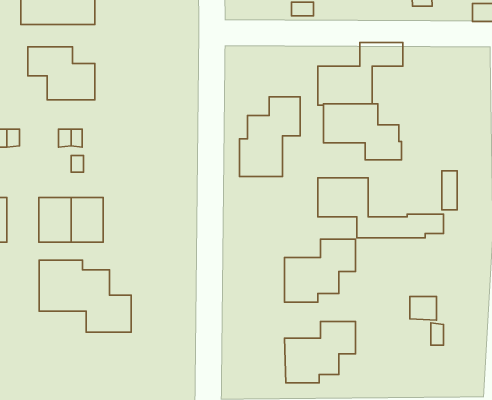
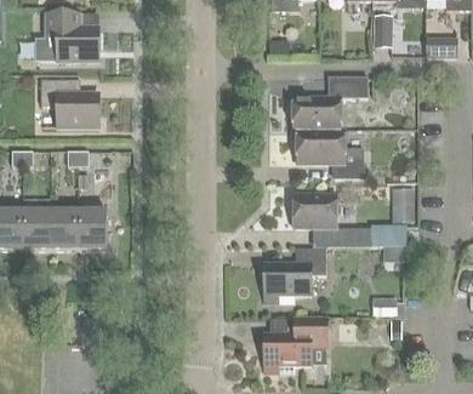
building: [239,97,300,176] -> none
building: none -> [22,210,50,249]
building: [39,260,131,332] -> none

